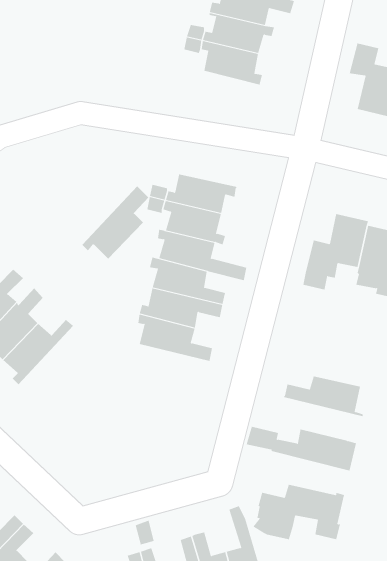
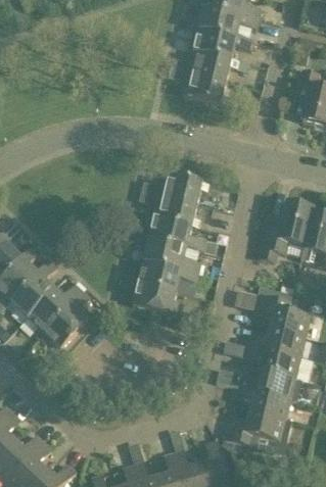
building: [82,186,149,260] -> [39,290,91,347]
building: none -> [251,284,309,337]
building: none -> [241,345,306,381]
building: none -> [232,387,295,421]

